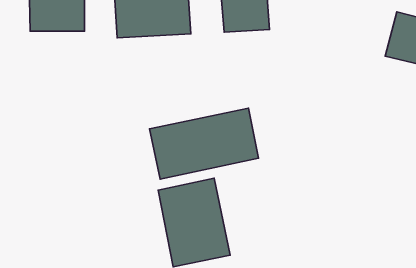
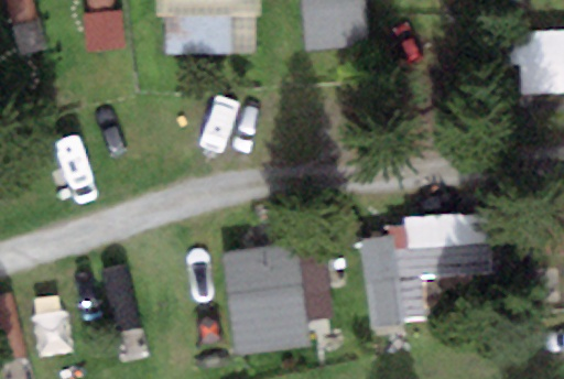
building: [150,108,259,179] -> none
building: none -> [362,214,490,327]

